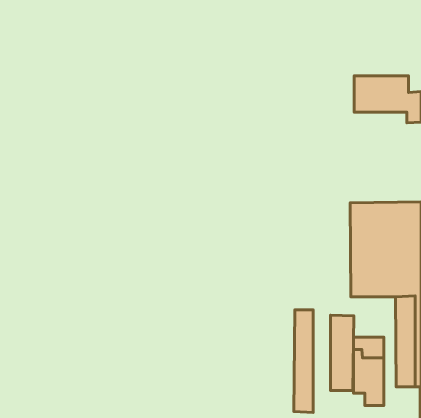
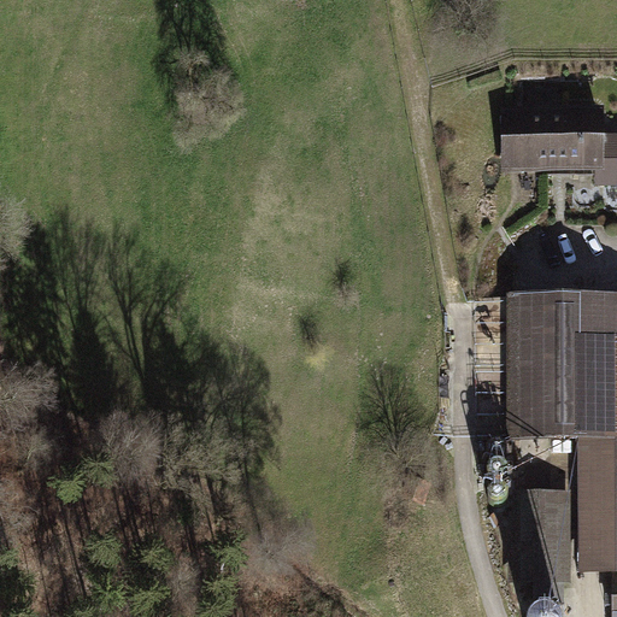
building: [294,310,313,412] -> none
building: [331,315,354,390] -> none

